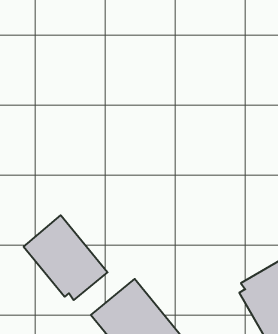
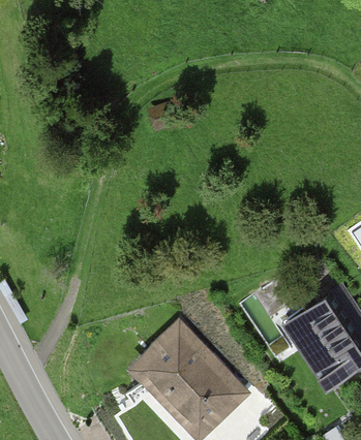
building: [24,215,108,300] -> none

